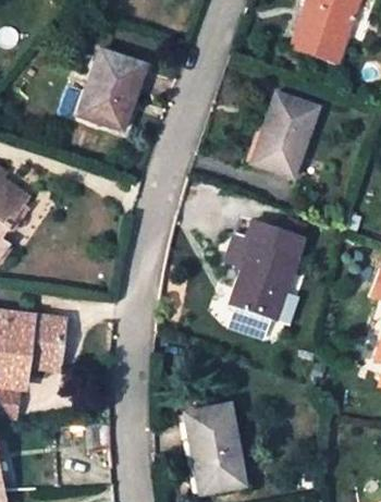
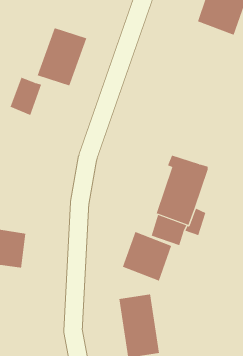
building: [253,91,318,174] -> none
building: none -> [10,77,42,116]
building: none -> [122,231,172,281]

